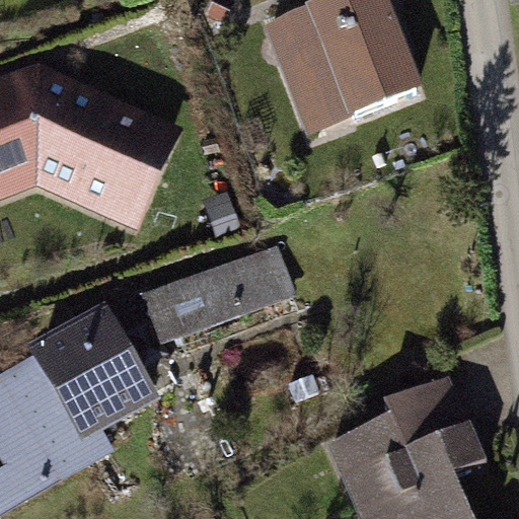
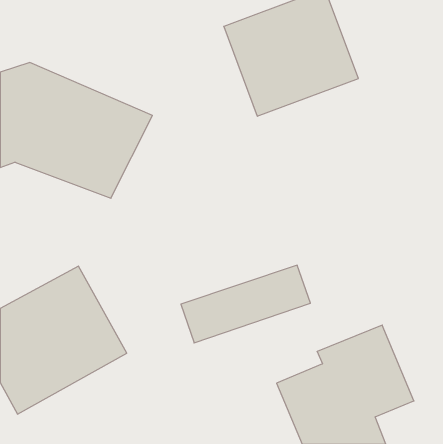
building: [152,245,301,335] -> [181,265,310,343]

